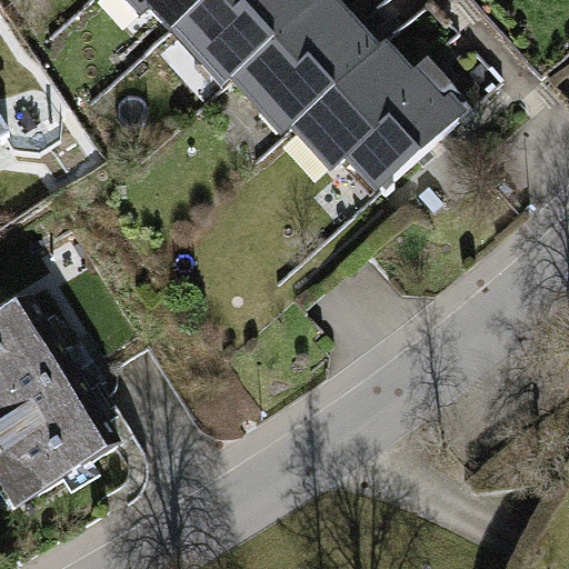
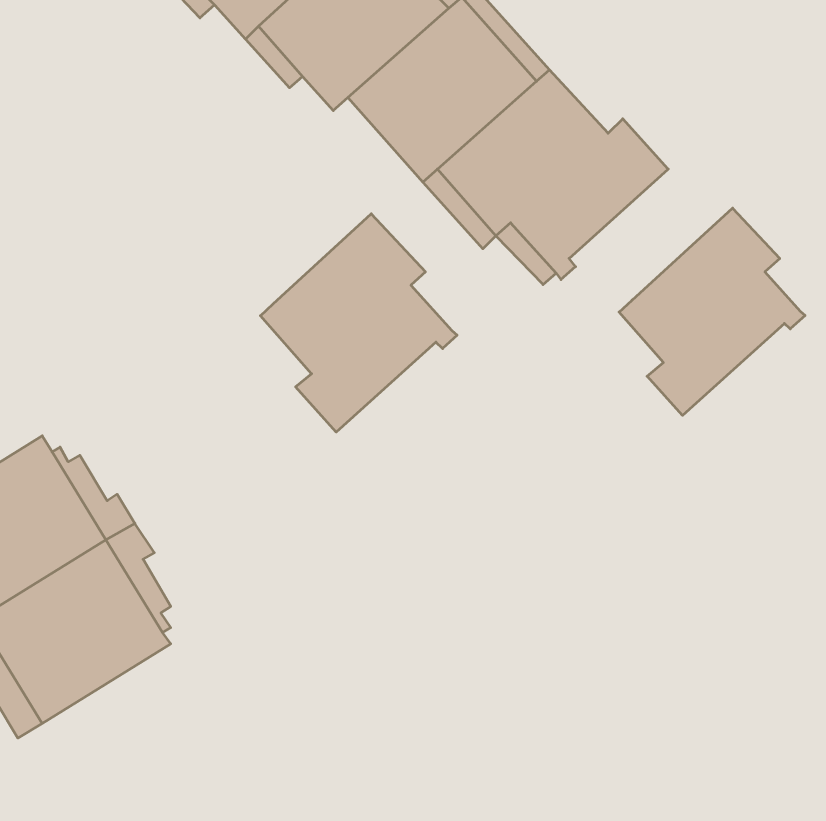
building: none -> [619,208,805,415]
building: none -> [260,214,457,432]

